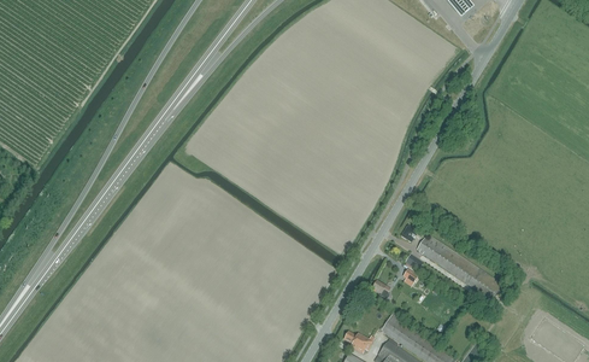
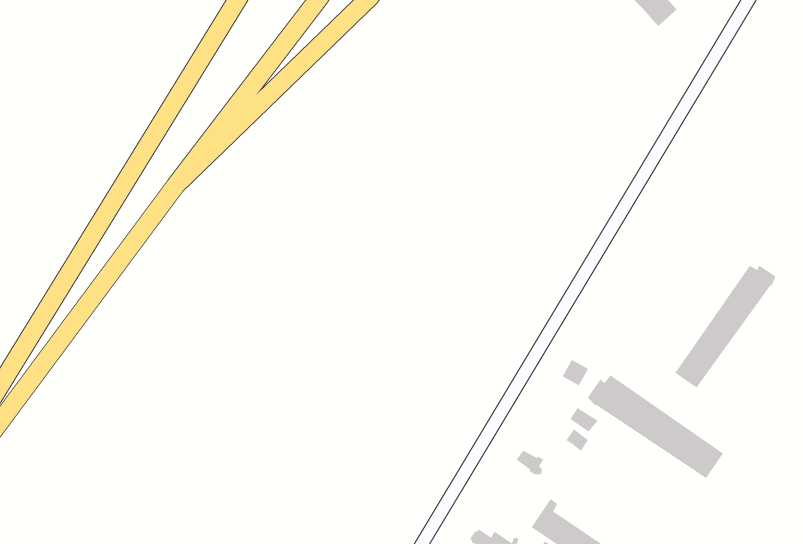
building: none -> [675,265,776,388]

